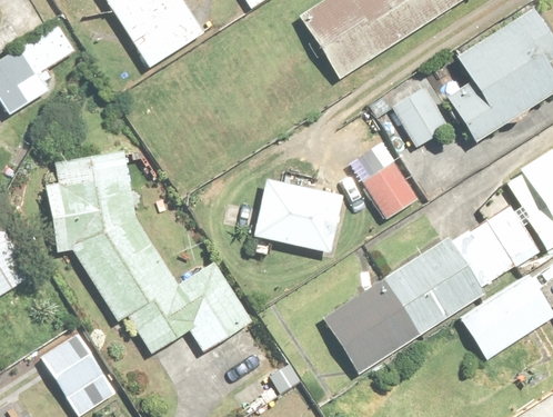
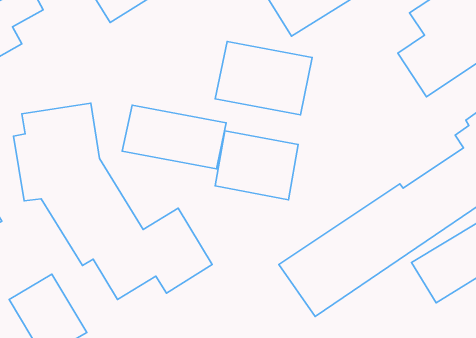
building: [389,82,451,147] -> none
building: none -> [215,41,312,115]
building: none -> [122,105,226,169]
building: [361,158,420,219] -> none

